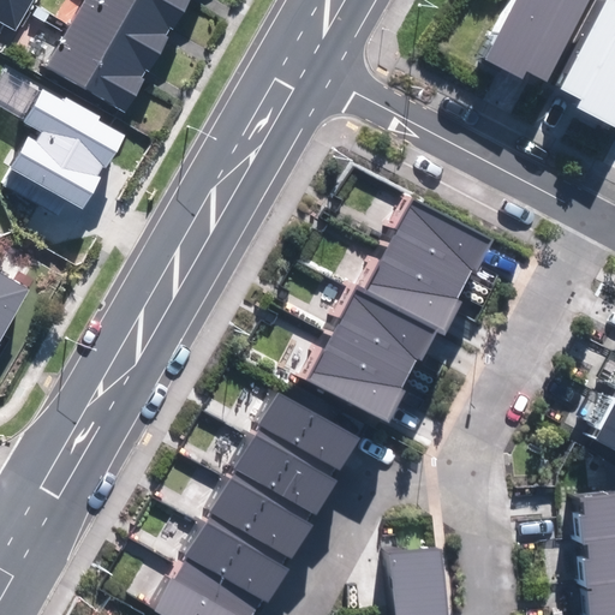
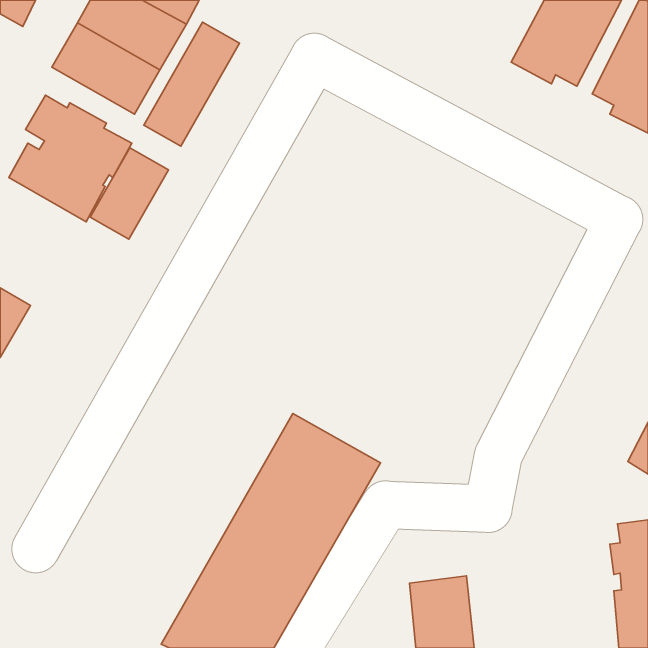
building: none -> [144,22,240,146]
building: none -> [90,148,169,239]
building: [308,198,491,422] -> none

